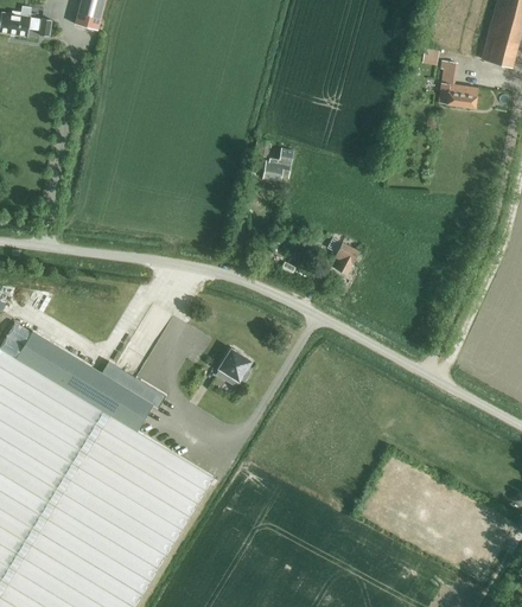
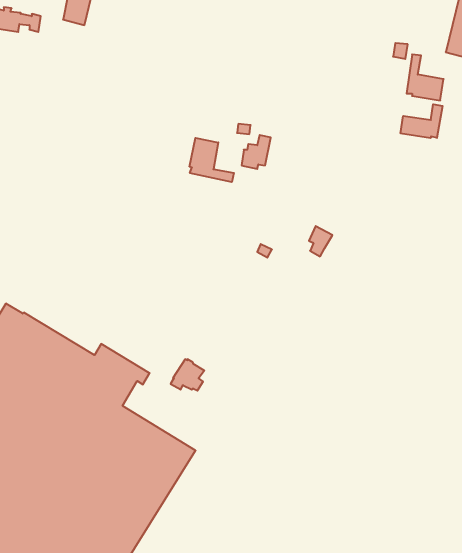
building: none -> [401,104,443,138]
building: none -> [190,138,234,182]
building: [216,349,252,382] -> [171,359,204,391]

